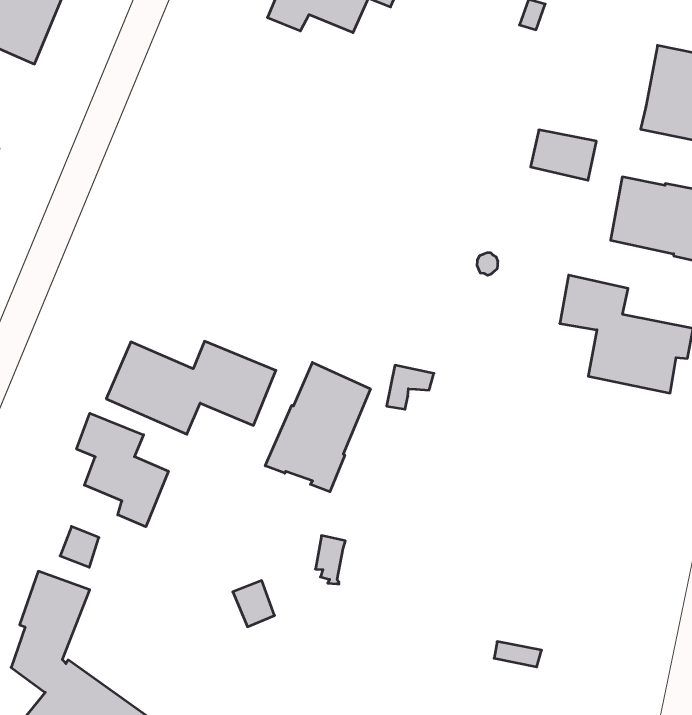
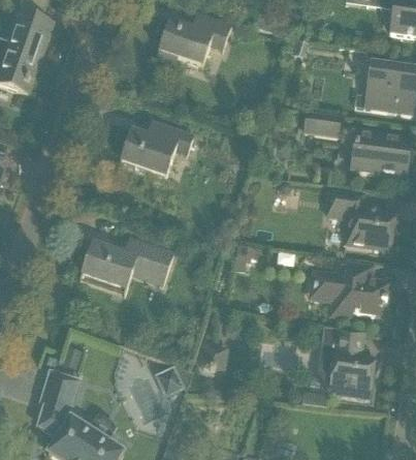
building: none -> [120,120,192,175]
building: [265,362,370,492] -> none
building: none -> [307,259,390,316]
building: [77,413,168,527] -> none
building: none -> [322,325,374,397]

